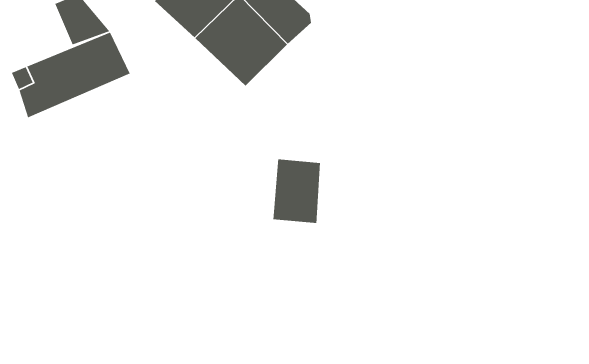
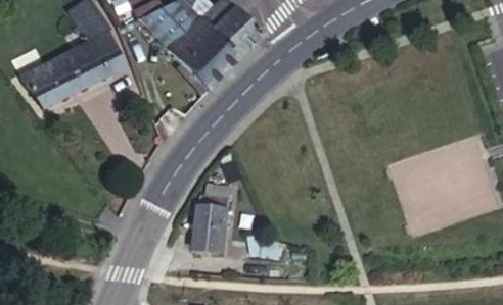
building: [272,159,321,224] -> [195,209,234,261]

